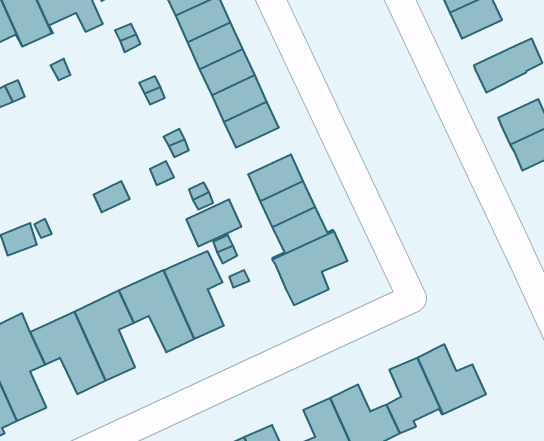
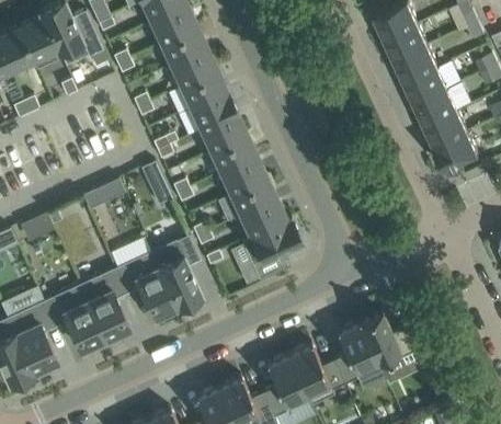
building: none -> [395,48,437,85]
building: none -> [414,91,457,128]
building: [186,199,241,247] -> [210,136,255,174]

